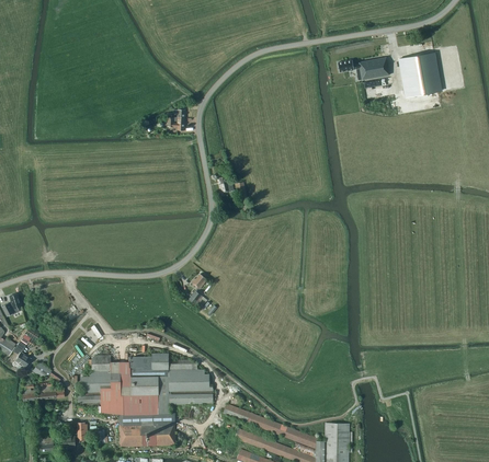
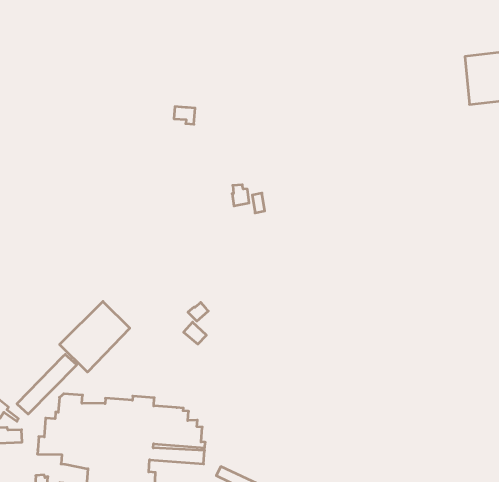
building: [338,57,389,80] -> none
building: none -> [60,301,130,372]

